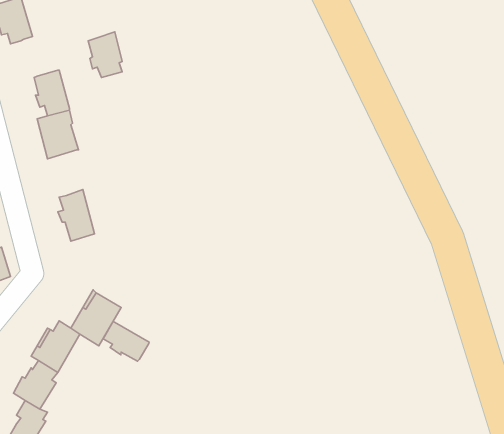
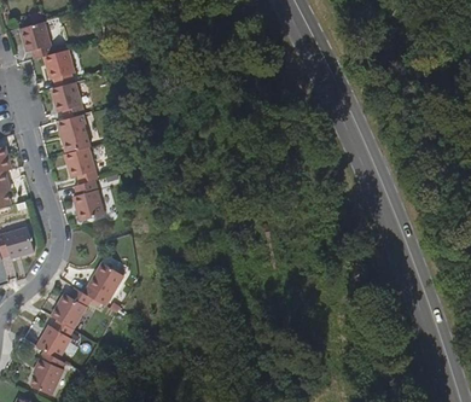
building: [88,32,122,78] -> [46,48,74,86]
building: none -> [64,146,98,183]
building: [103,322,149,361] -> none

